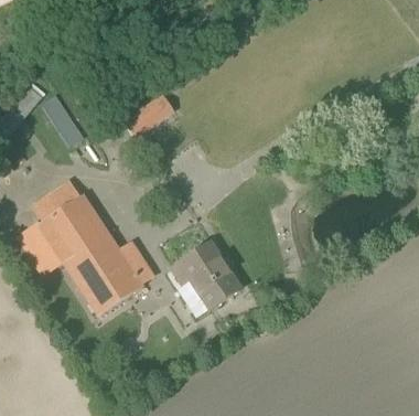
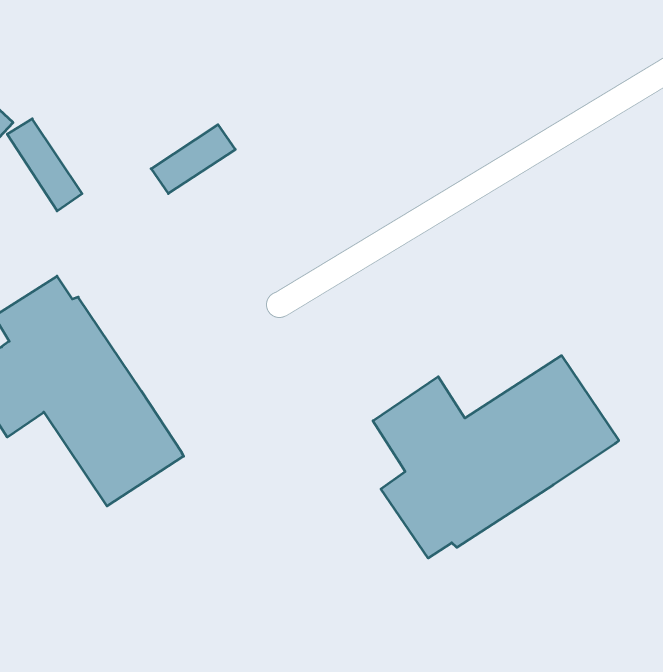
building: none -> [373,356,619,558]
building: [172,241,240,316] -> none

